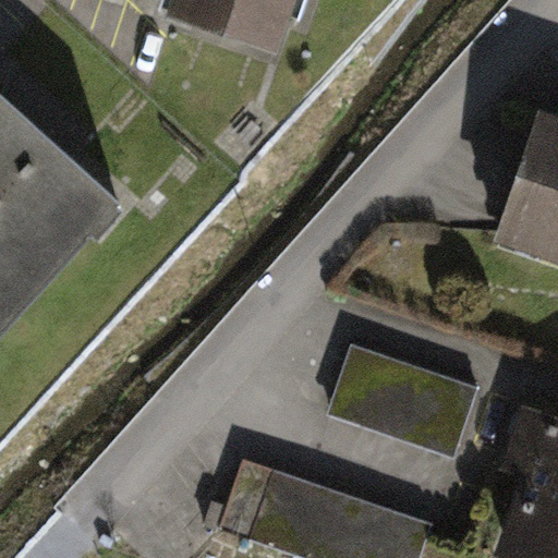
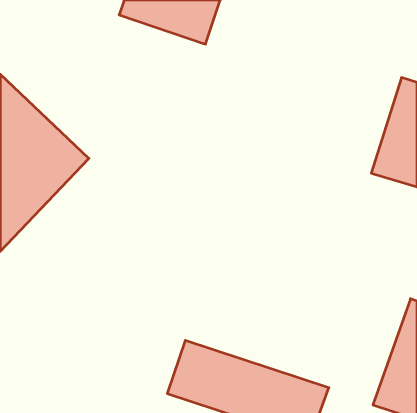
building: [331,340,483,453] -> none

